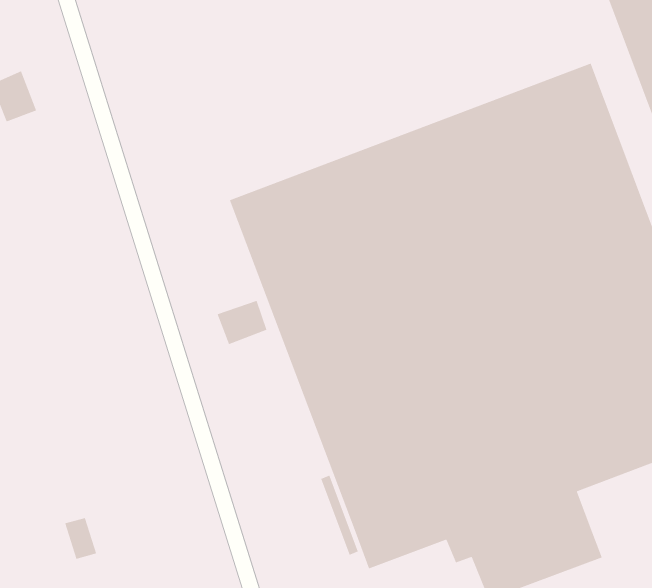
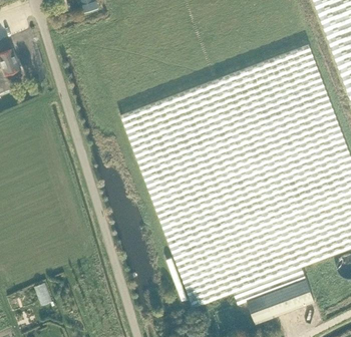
building: [217,300,268,345] -> none

